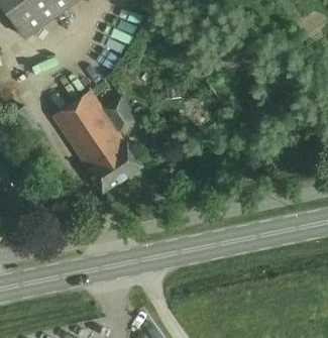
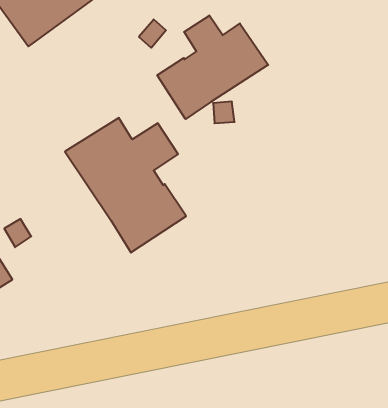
building: none -> [157,15,268,119]

